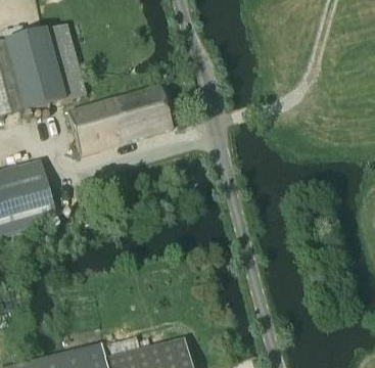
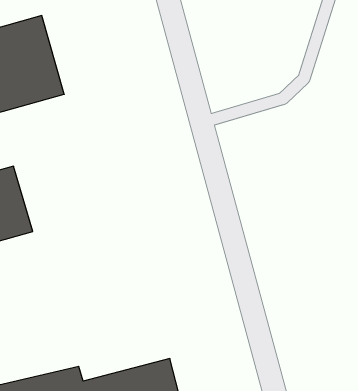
building: [64,86,172,154] -> none

